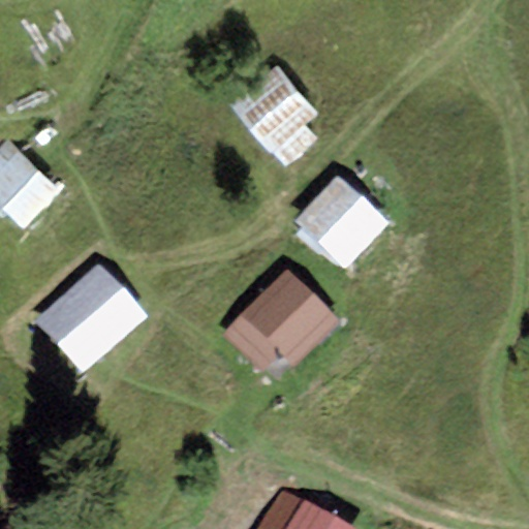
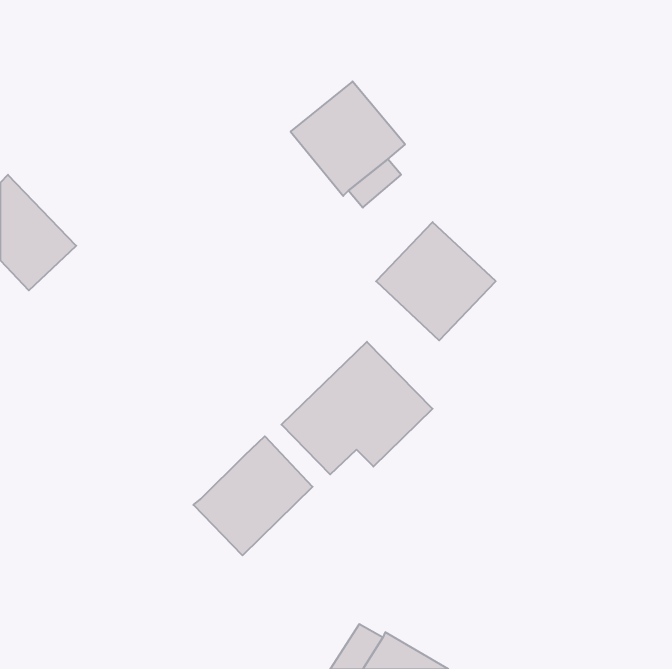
building: [33,262,146,373] -> none
building: none -> [193,436,313,555]

